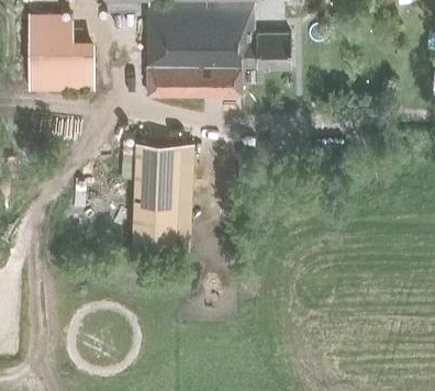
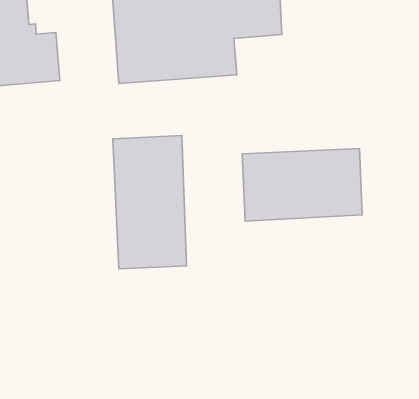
building: none -> [242,149,362,221]

